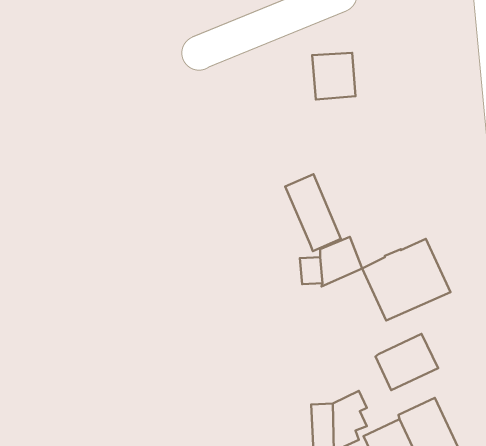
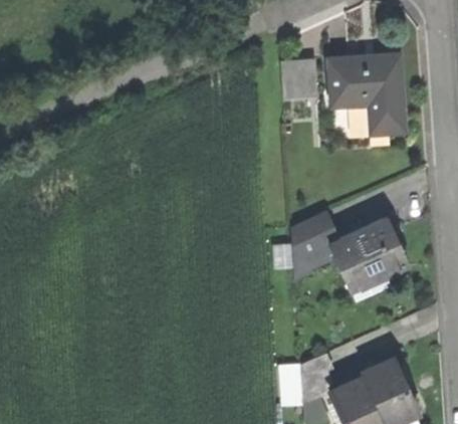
building: none -> [327,55,405,136]
building: [285,174,341,251] -> none
building: [375,334,438,390] -> none

